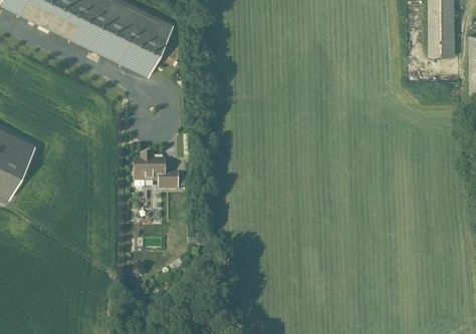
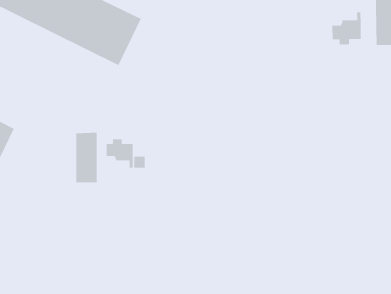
building: none -> [332,11,362,45]
building: none -> [75,132,97,183]

